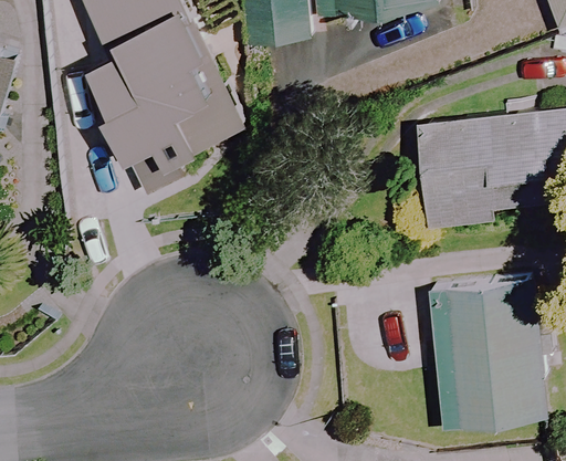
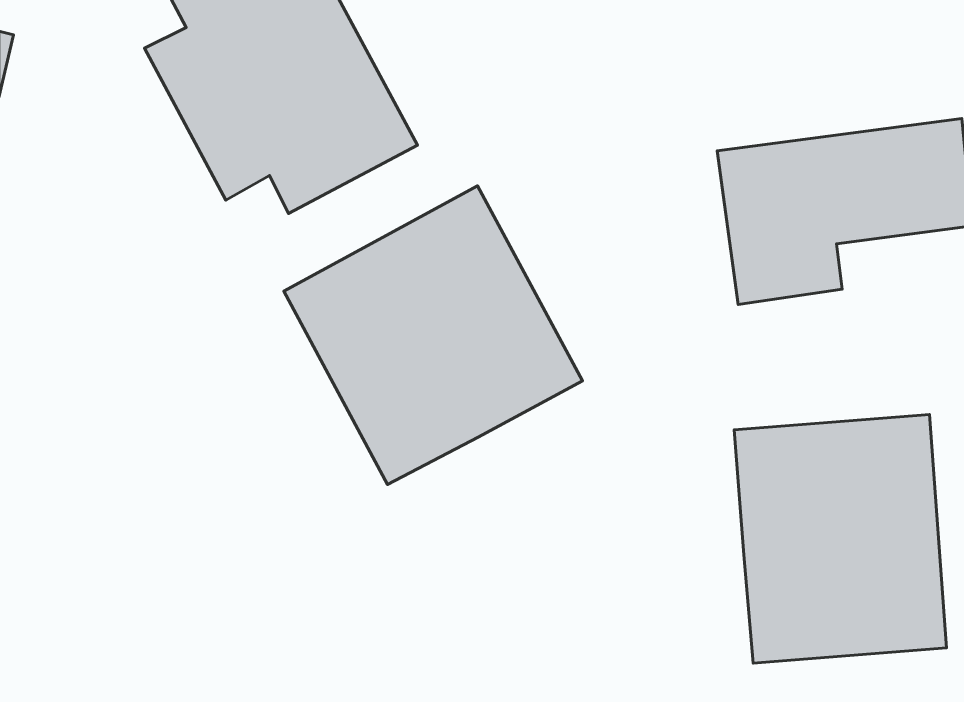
building: none -> [284,186,582,485]

